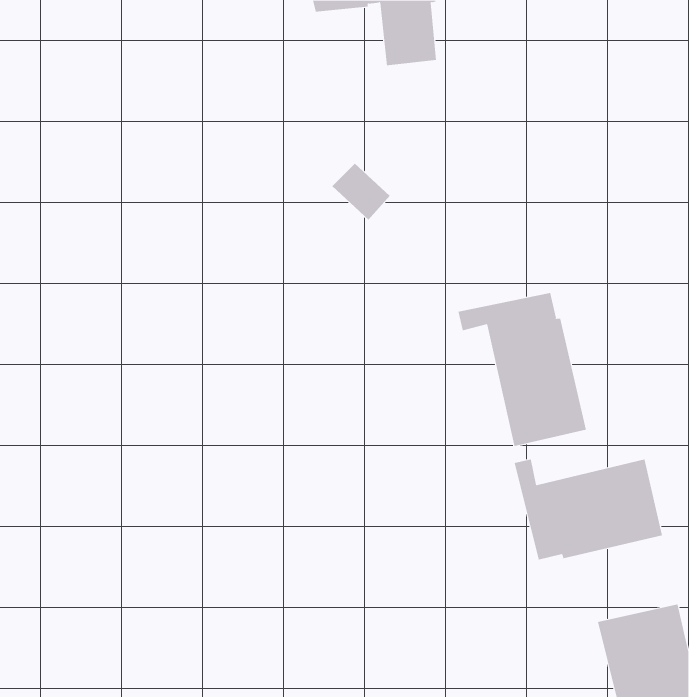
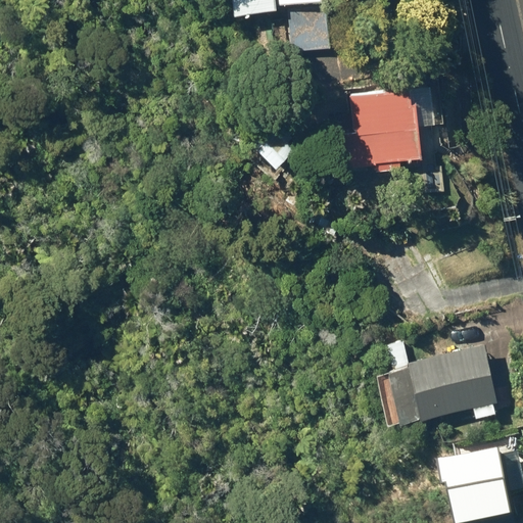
building: none -> [346,91,420,171]
building: [458,292,587,447] -> none

